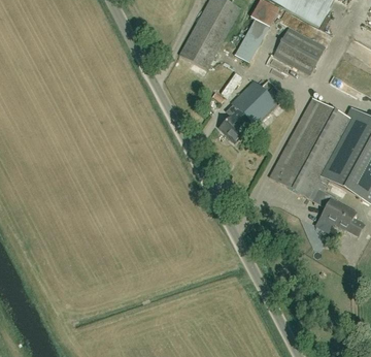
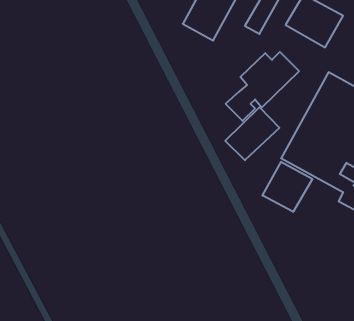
building: none -> [225,107,279,160]
building: none -> [262,162,312,212]

